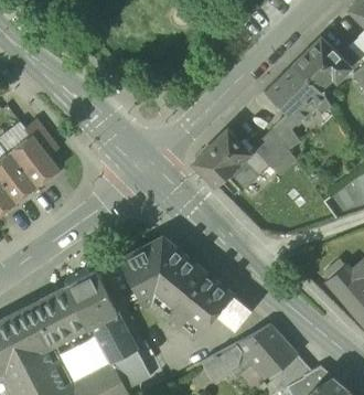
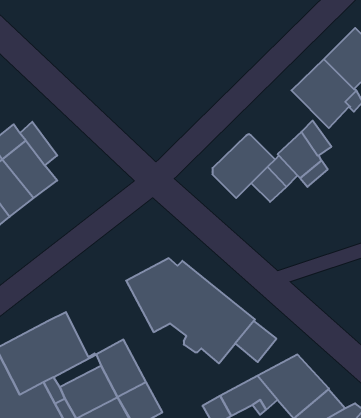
building: [66,271,117,327] -> none

